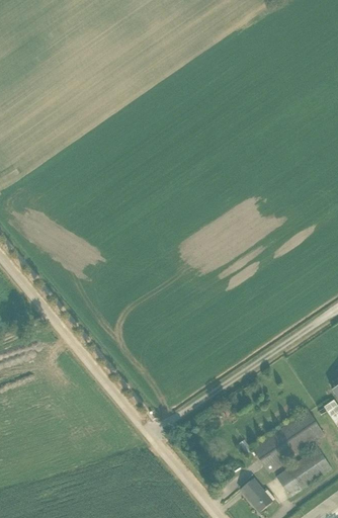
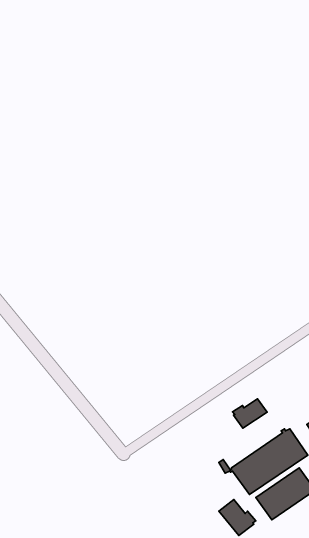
building: none -> [233,399,267,428]

